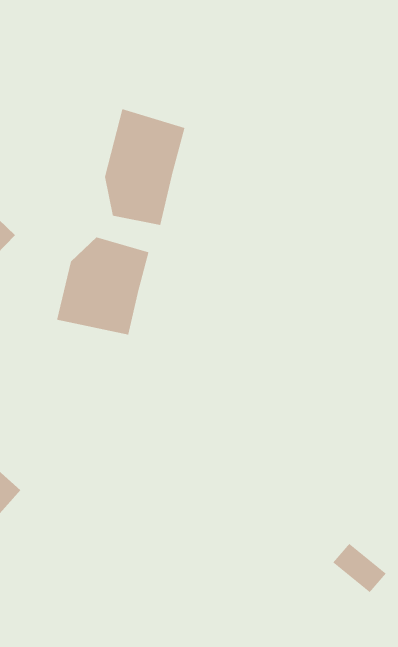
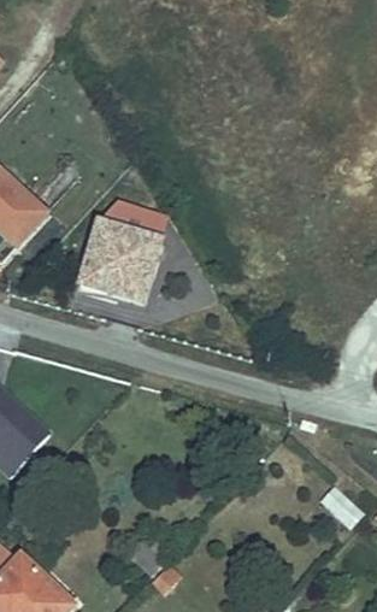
building: [104,108,185,226] -> none

